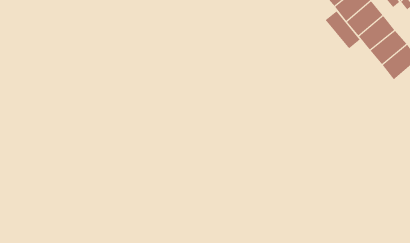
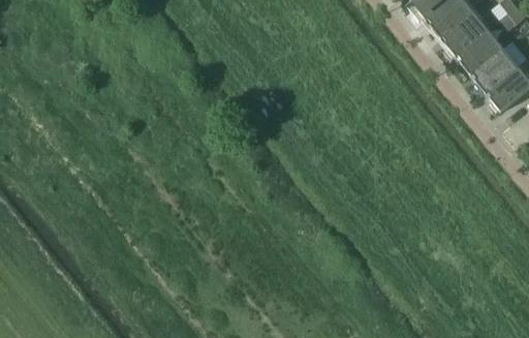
building: [325,10,361,49] -> none

